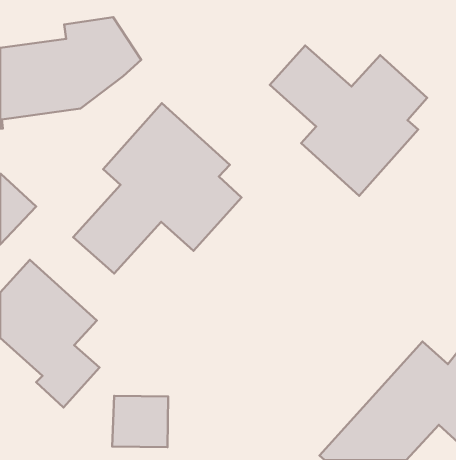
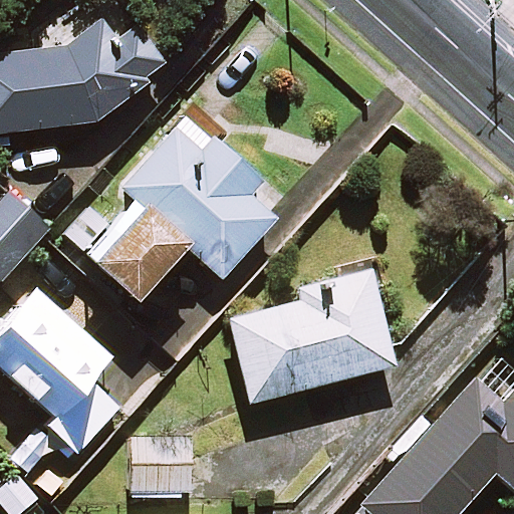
building: [270,46,427,196] -> none
building: none -> [229,271,394,403]

